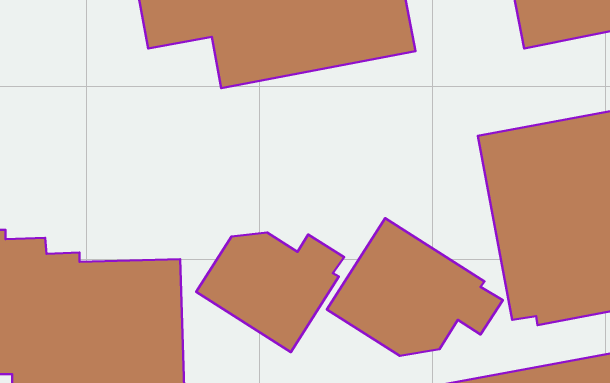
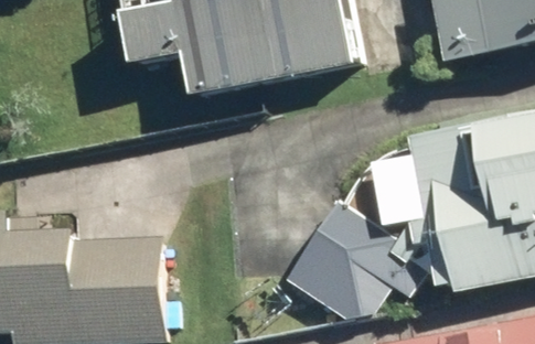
building: [196,232,344,352] -> none

